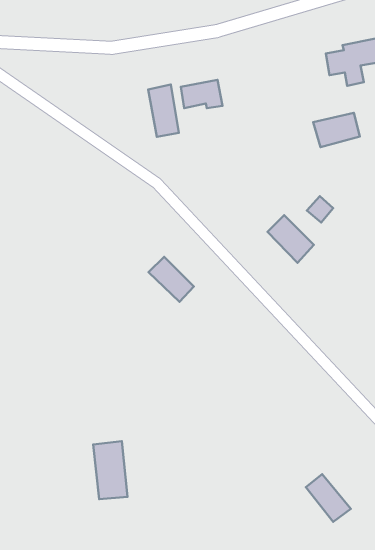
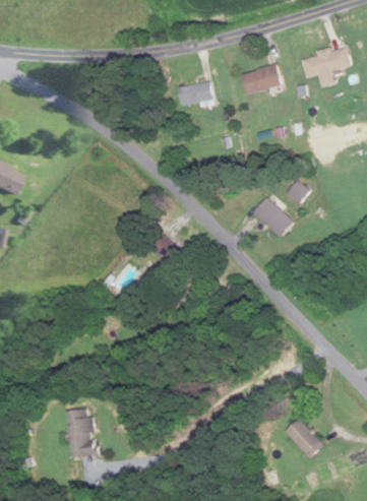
building: [148,84,179,137] -> none
building: [313,113,360,147] -> [240,64,280,93]
building: [93,441,128,499] -> [66,409,96,458]

